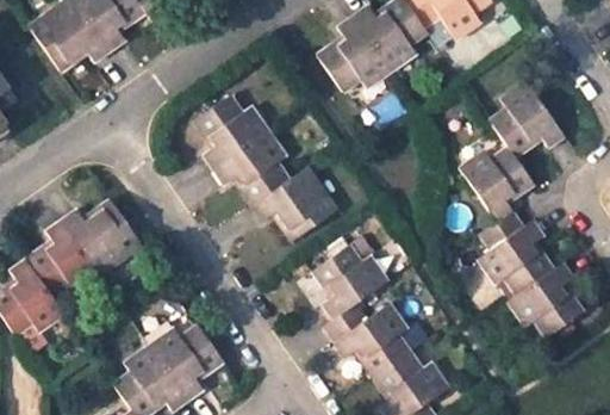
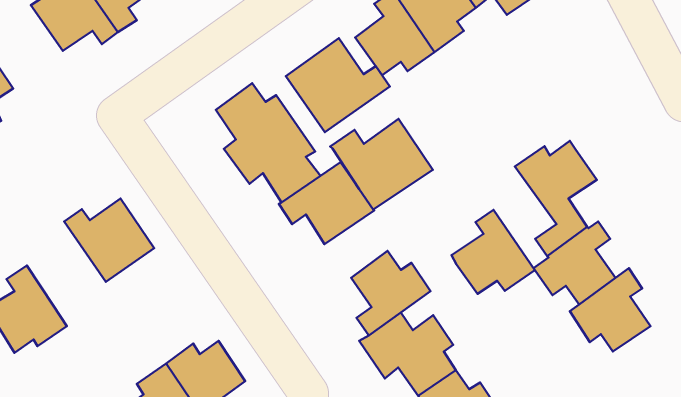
building: none -> [286,38,390,132]
building: [491,82,565,155] -> none
building: none -> [330,119,433,209]
building: none -> [451,210,535,294]
building: [27,219,98,295] -> none

